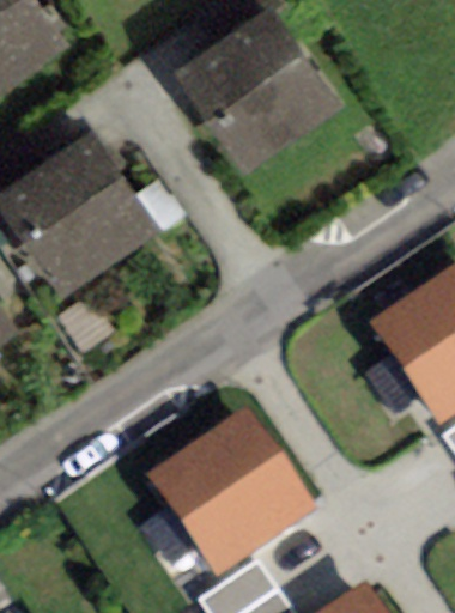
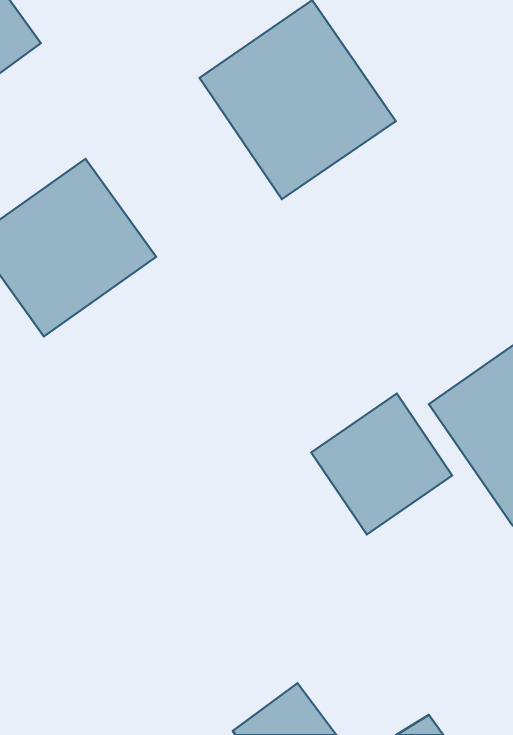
building: none -> [311,393,452,535]
building: [152,419,322,588] -> none

